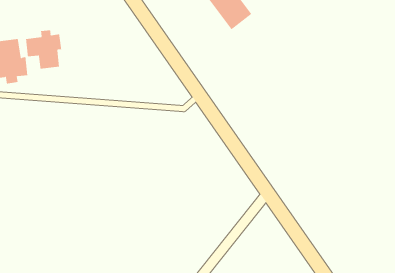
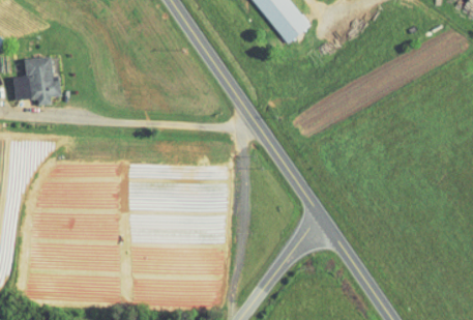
building: [26,30,62,69] -> none

